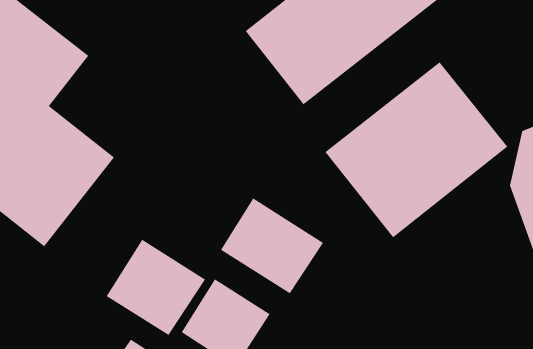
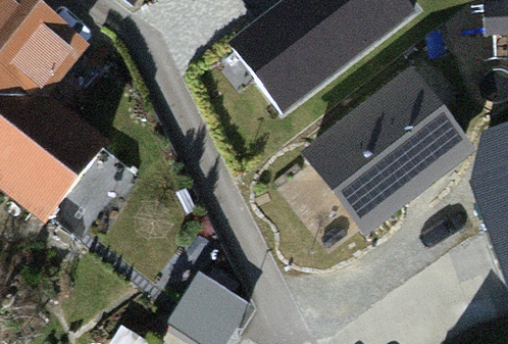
building: [220,198,324,294] -> none
building: [106,239,206,336] -> none

